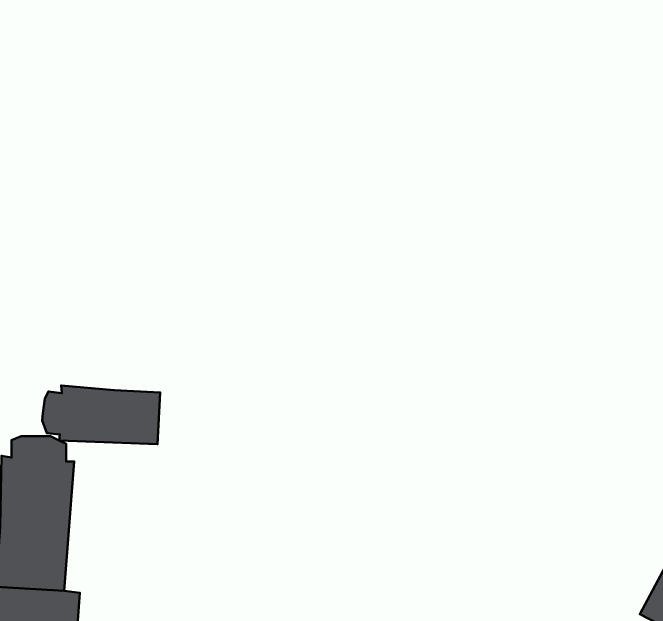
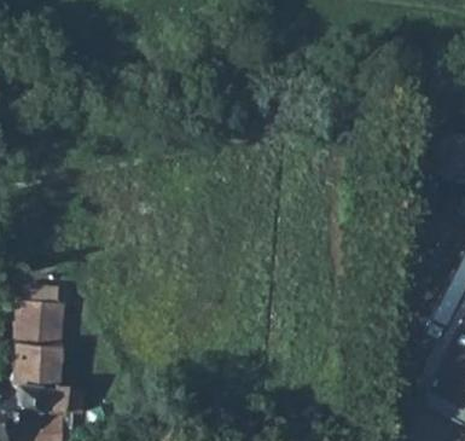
building: [42,386,160,444] -> none

